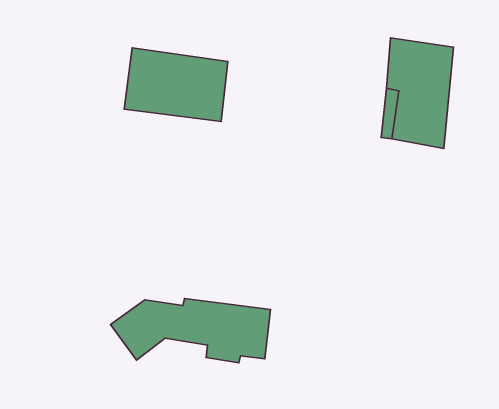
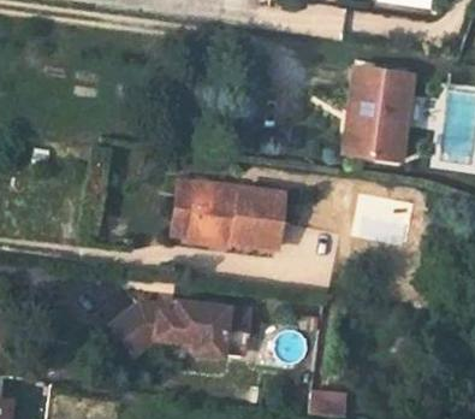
building: [124,48,228,122] -> [185,182,277,247]

